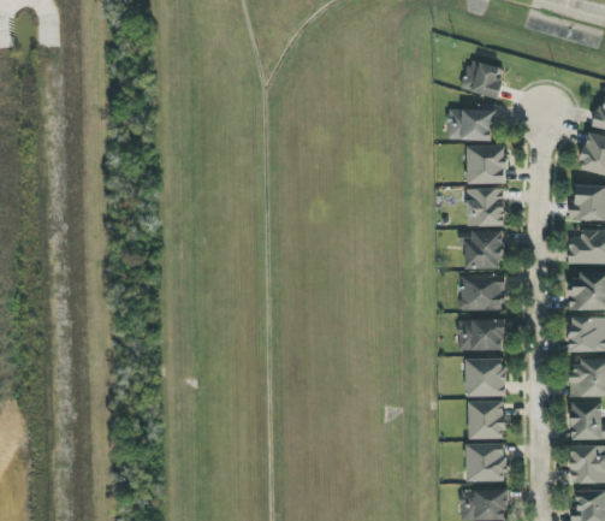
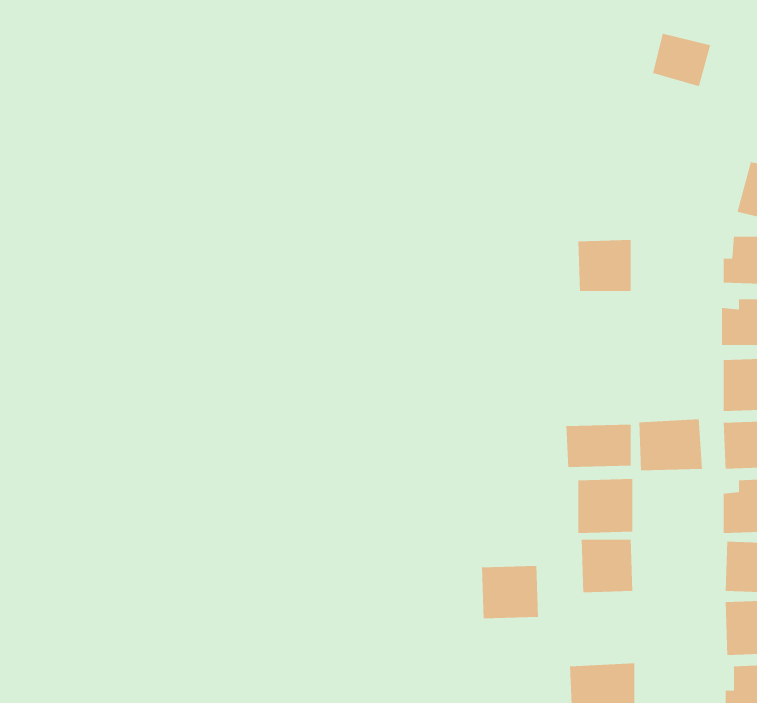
building: [462,59,504,97] -> [652,33,711,87]
building: [449,108,494,141] -> none
building: [468,146,508,184] -> none
building: [465,231,504,268] -> none
building: [461,273,506,310] -> [639,419,703,471]
building: [467,443,508,481] -> [481,565,539,619]

